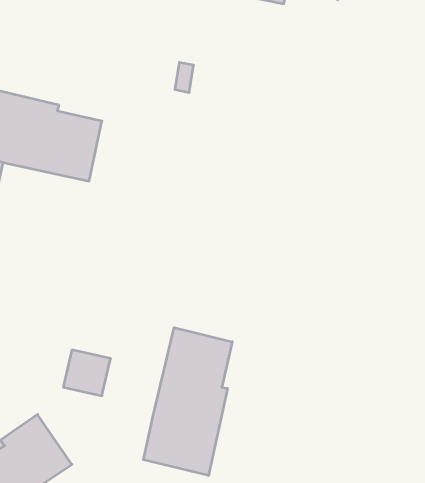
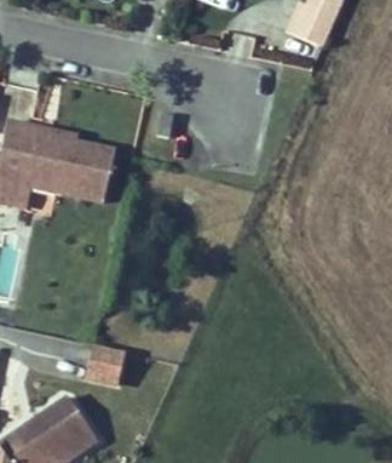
building: [143,328,232,476] -> none

